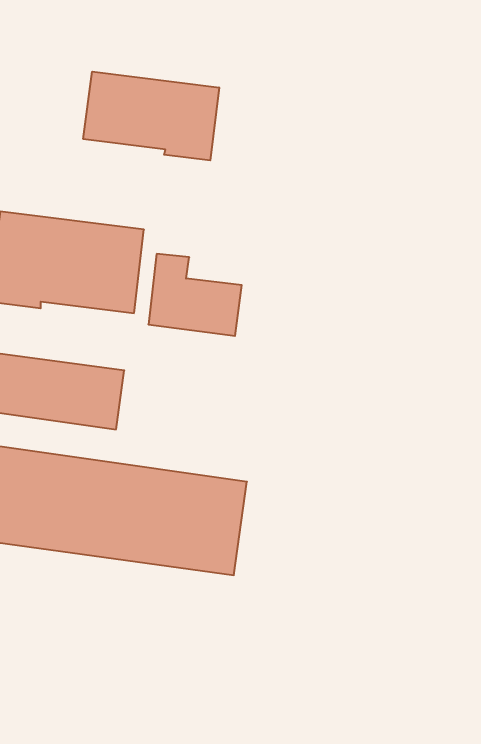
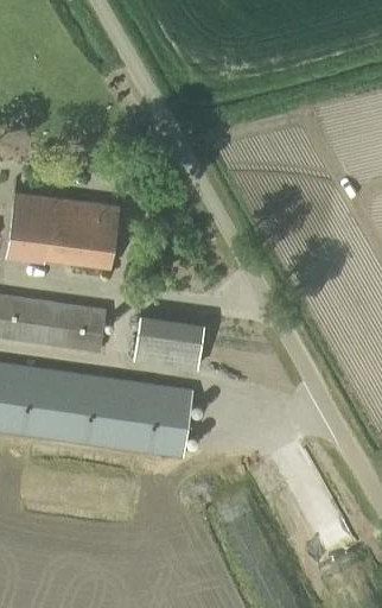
building: [83,72,219,160] -> none
building: [148,254,242,336] -> [142,308,210,367]

